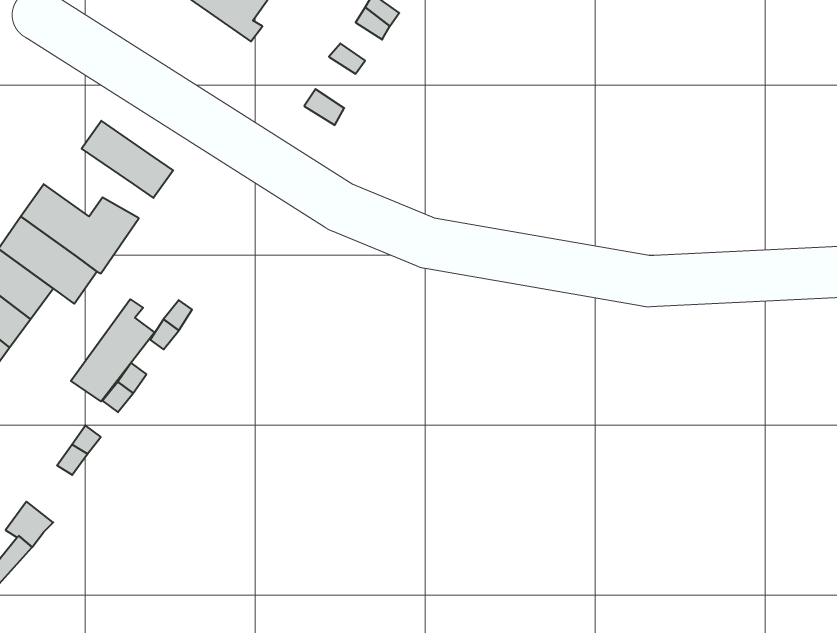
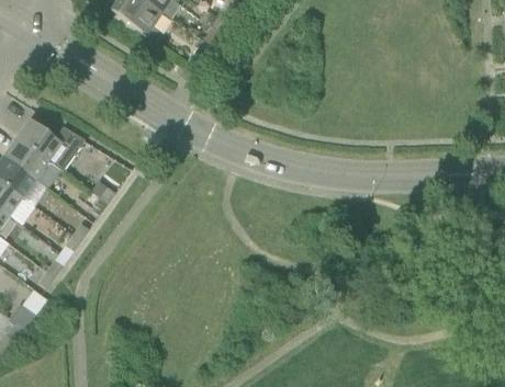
building: [82,121,173,198] -> none
building: [71,299,155,401] -> none

